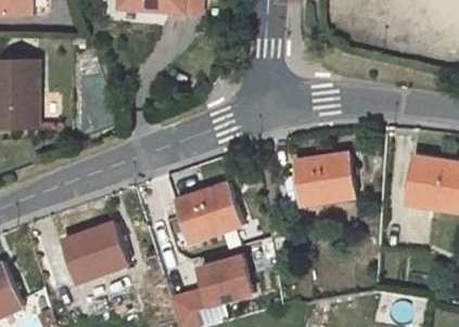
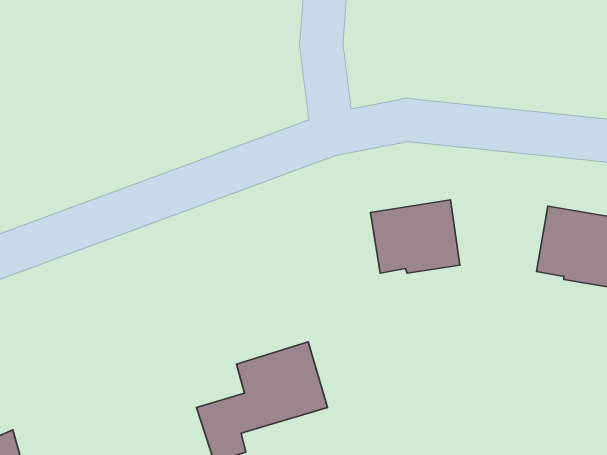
building: [174,181,241,238] -> none
building: [61,222,128,278] -> none

